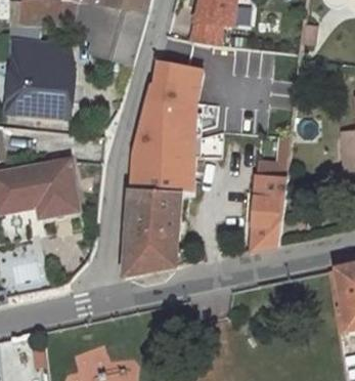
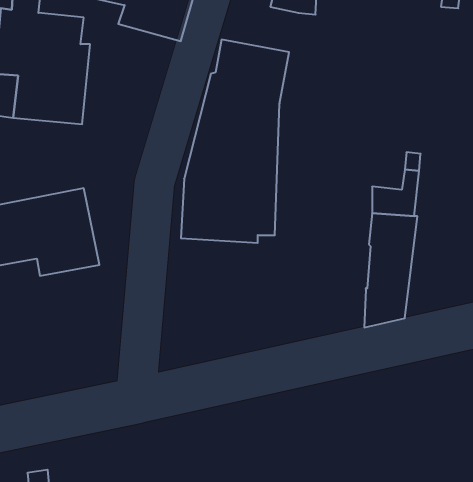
building: [126,192,182,277] -> none

